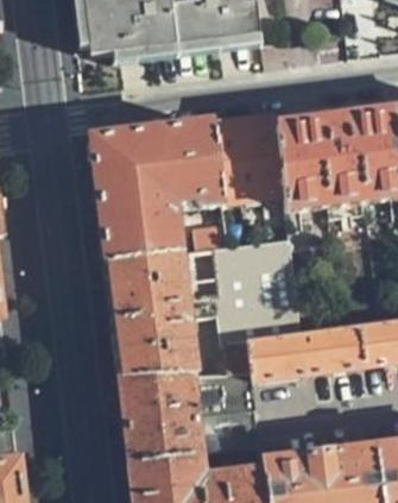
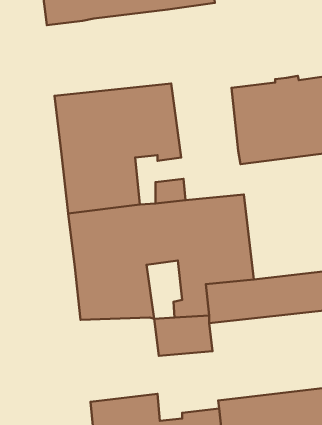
building: [214,115,285,202] -> none
building: [118,372,200,461] -> none

